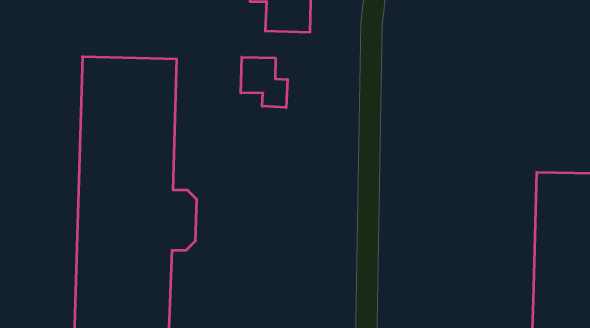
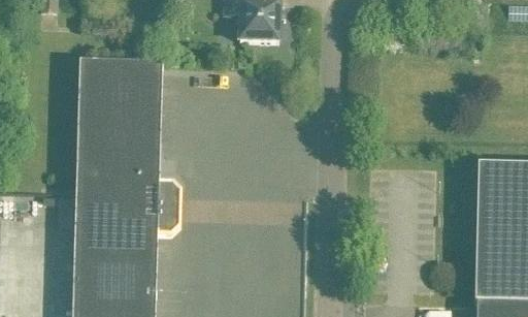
building: [241,57,288,108] -> none

